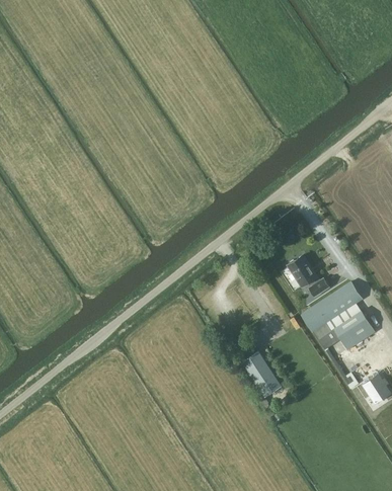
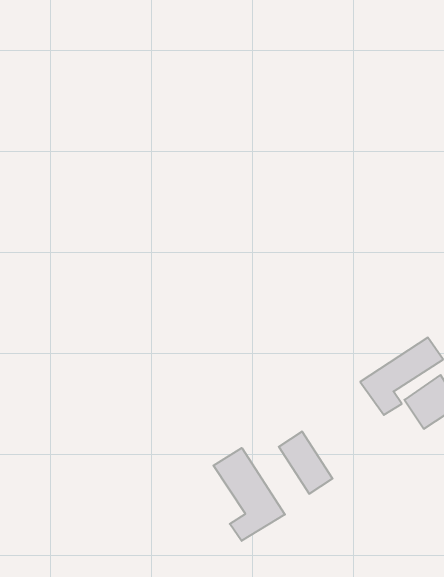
building: [287,254,330,298] -> none
building: none -> [213,448,285,541]

